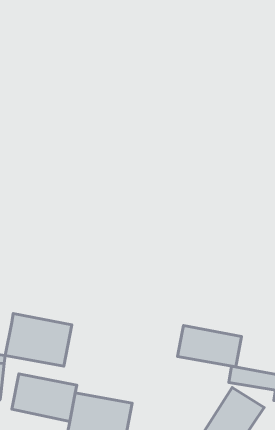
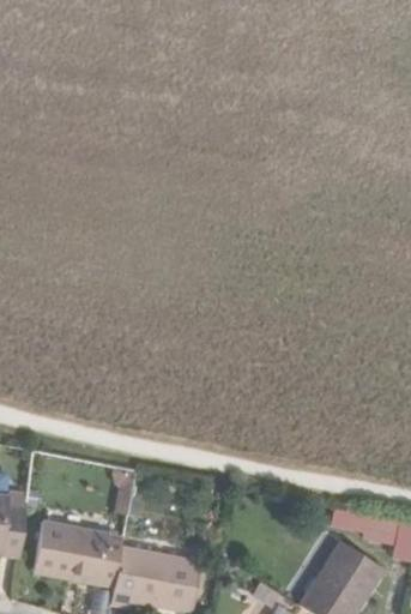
building: [5,314,72,366] -> none
building: [177,326,242,367] -> none

